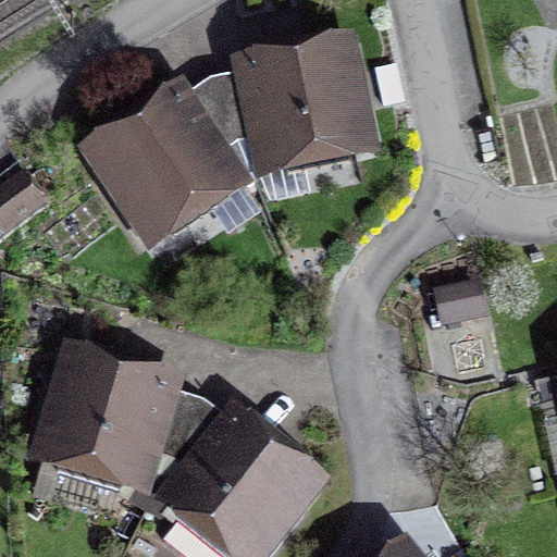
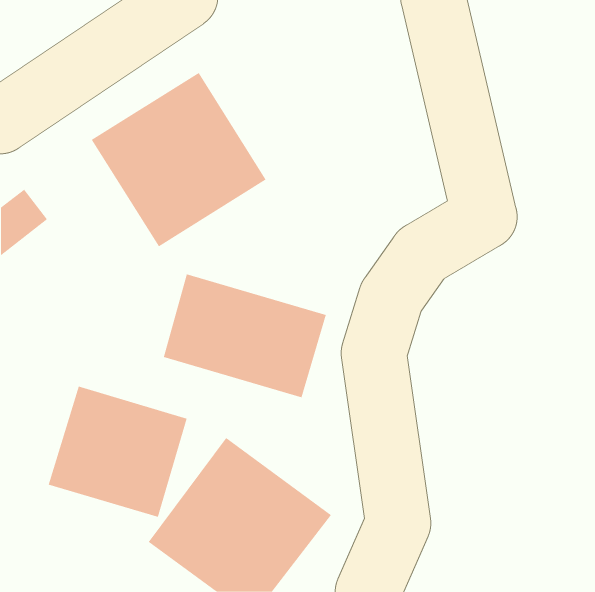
building: [238,32,381,176] -> none
building: none -> [163,273,326,398]

